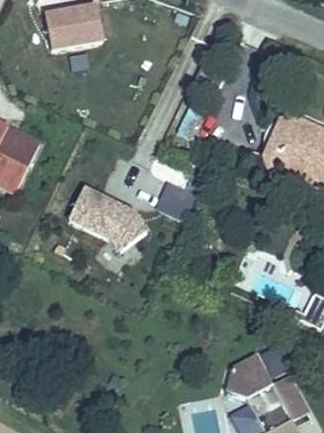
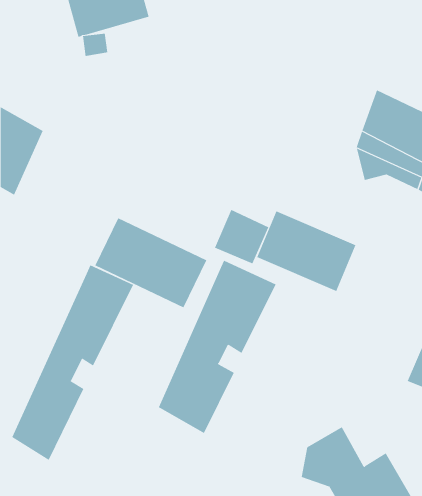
building: none -> [256,211,356,292]
building: none -> [158,260,277,434]
building: none -> [11,265,134,461]

